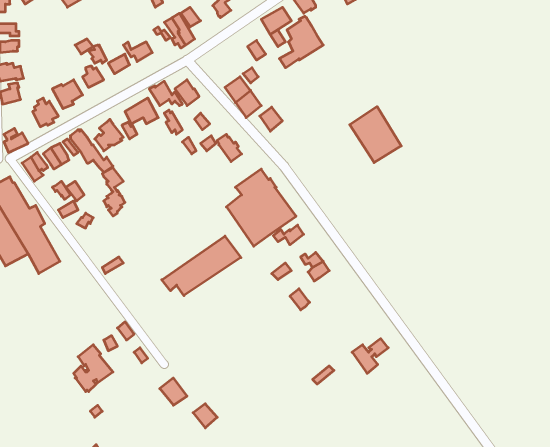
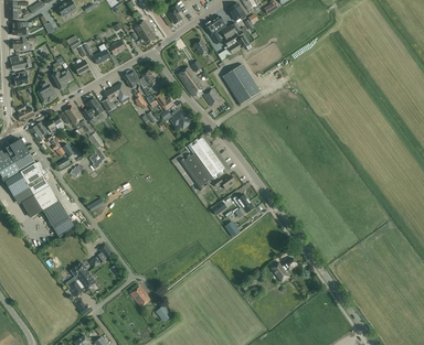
building: [350,107,401,163] -> [222,63,259,104]
building: [162,236,241,296] -> none
building: none -> [41,201,74,238]

